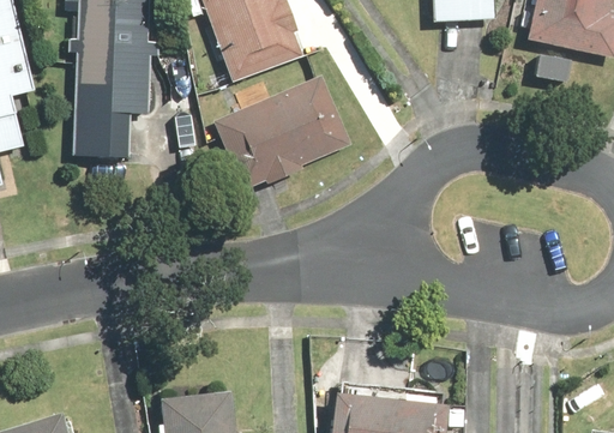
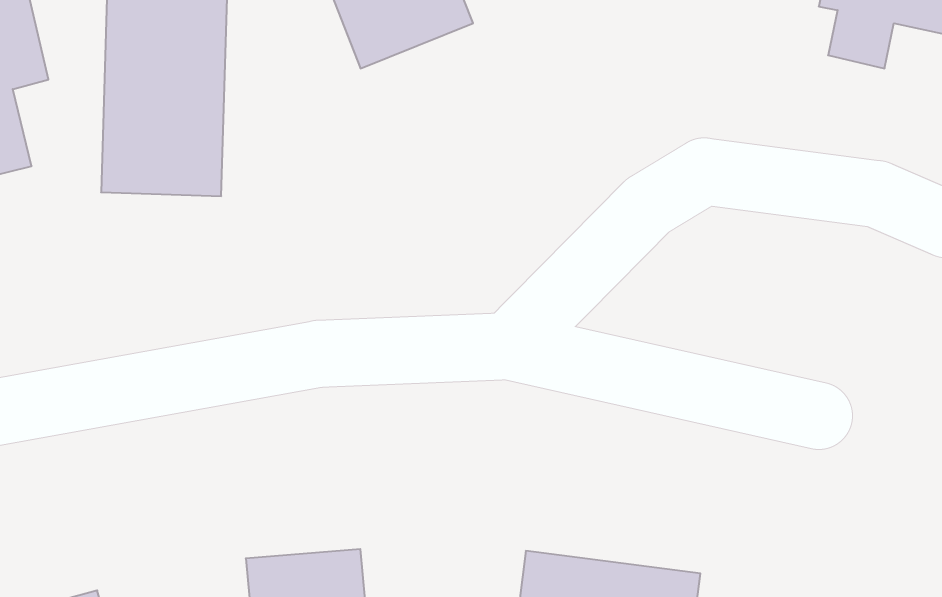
building: [211,77,348,193] -> none

